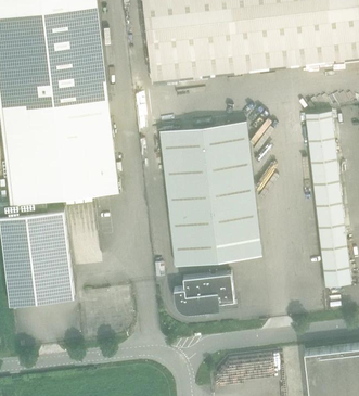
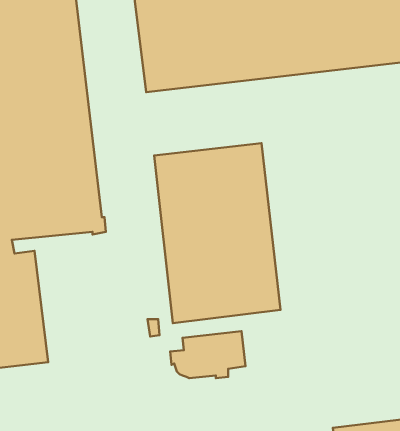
building: [305,114,350,290] -> none

